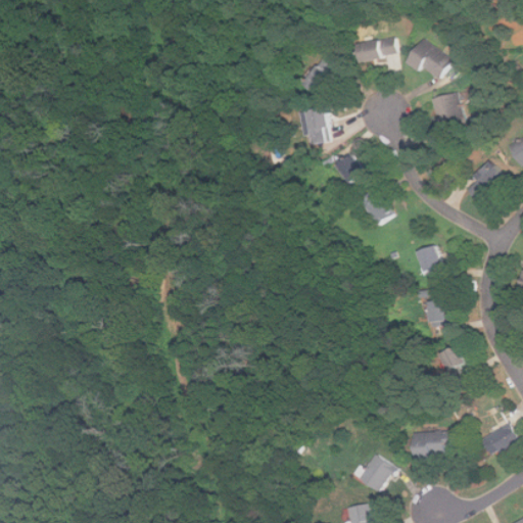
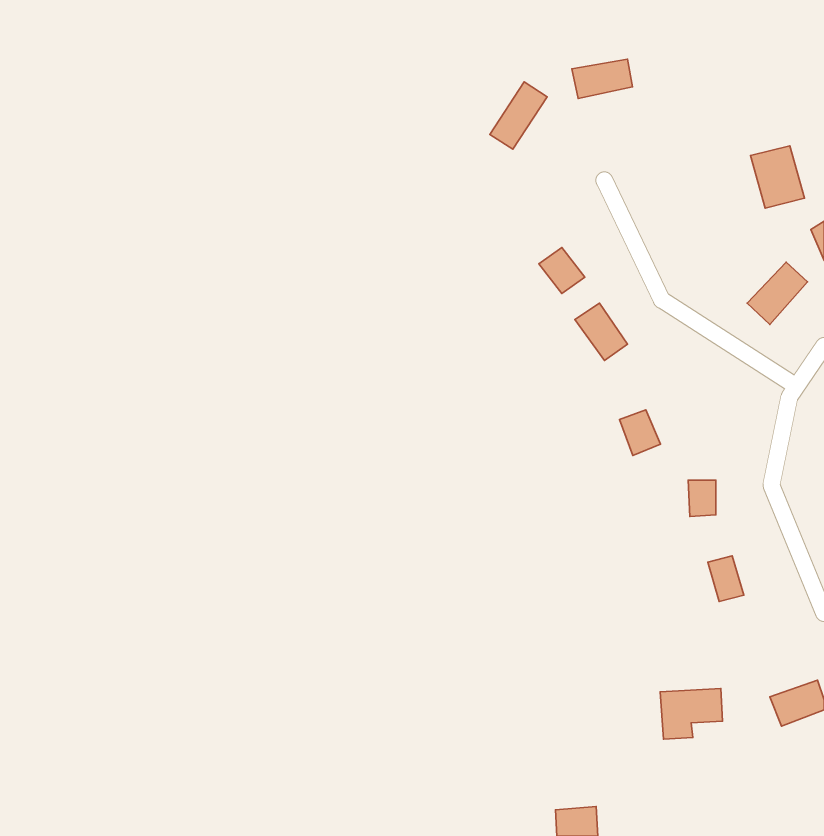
building: [406,39,449,80] -> none
building: [428,92,462,131] -> [750,146,805,208]
building: [311,108,327,142] -> none
building: [417,245,442,274] -> [620,410,661,456]
building: [356,453,394,491] -> none

